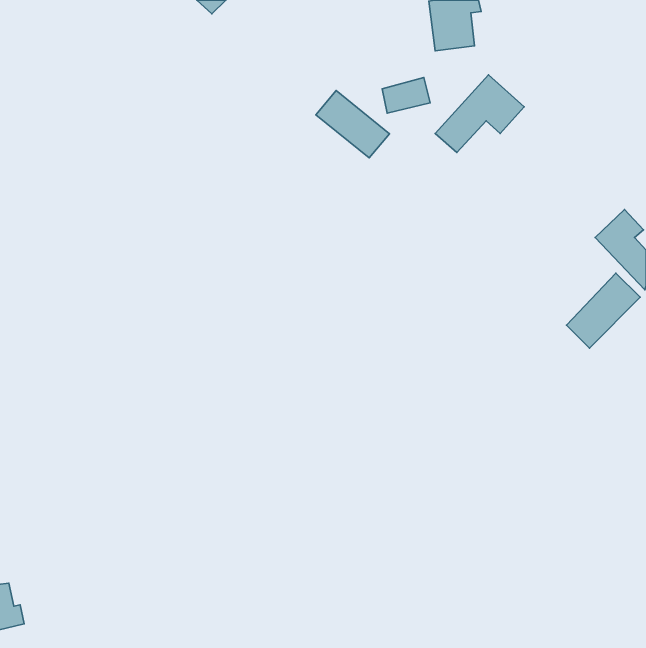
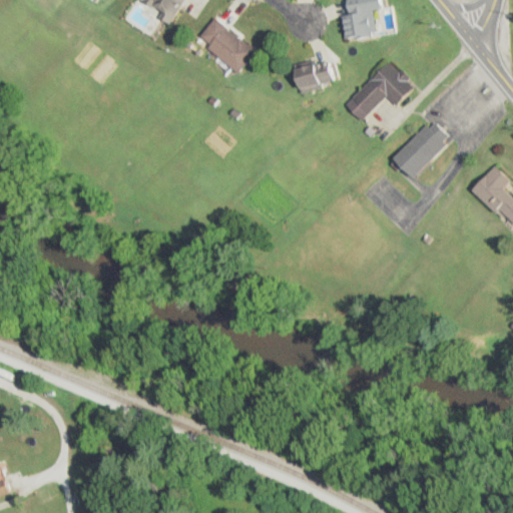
building: [316,91,389,158] -> [204,19,263,72]
building: [567,273,640,348] -> [390,120,448,179]

